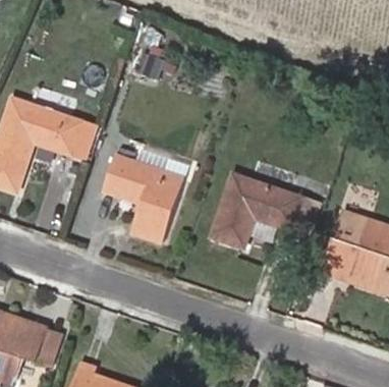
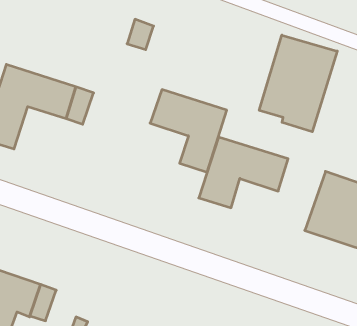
building: none -> [259,35,337,132]
building: [103,156,182,241] -> [150,90,227,172]

